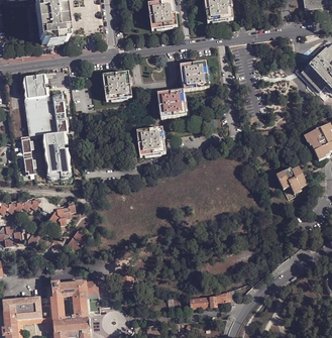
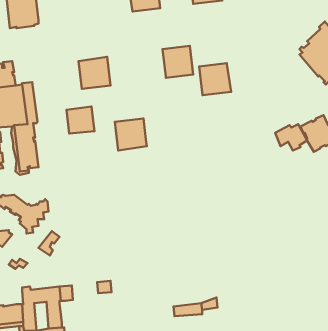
building: [157,89,187,118] -> [199,63,231,95]
building: none -> [66,107,95,133]
building: [276,166,306,191] -> [275,124,307,151]

